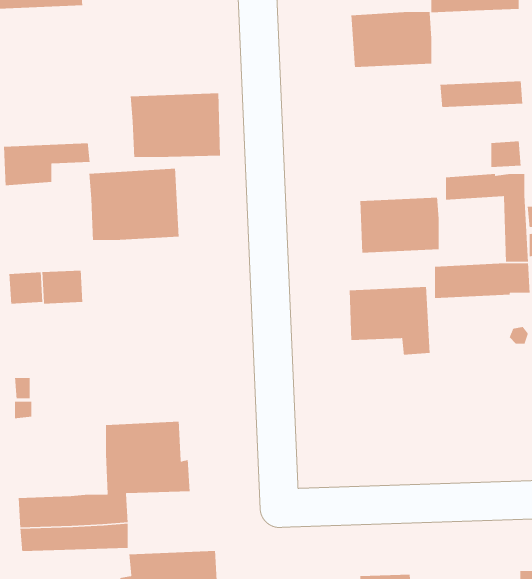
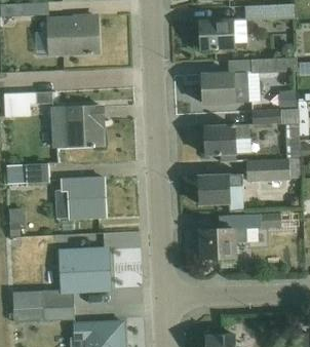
building: [130,92,221,158] -> [47,16,99,53]
building: none -> [202,70,247,103]
building: none -> [54,177,106,218]
building: none -> [200,215,279,258]

